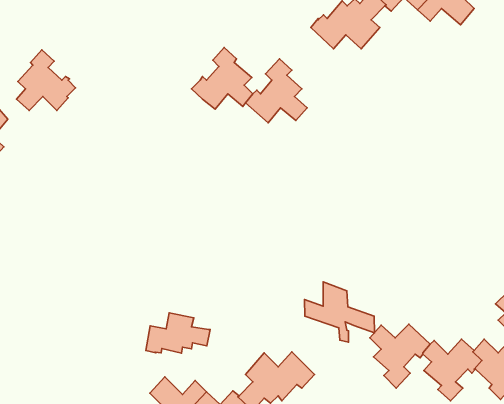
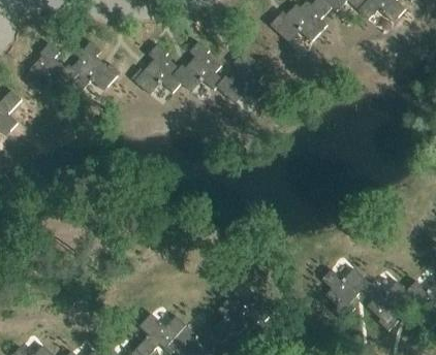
building: none -> [69,41,120,92]
building: none -> [130,44,181,95]
building: [305,282,374,342] -> none
building: [146,313,210,353] -> none

